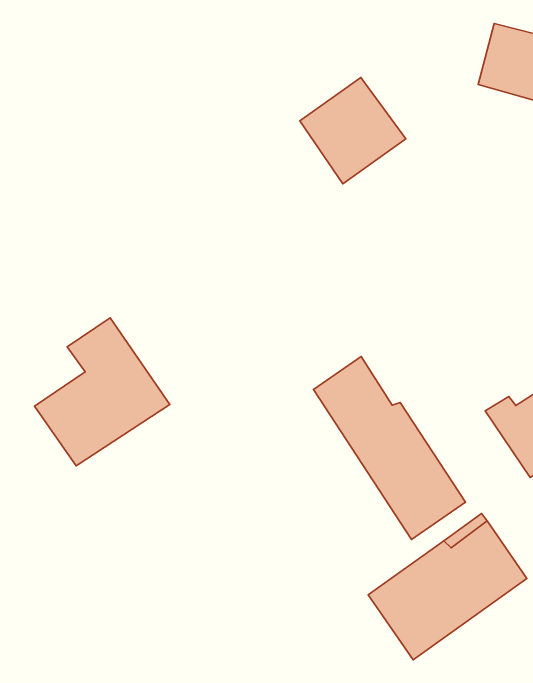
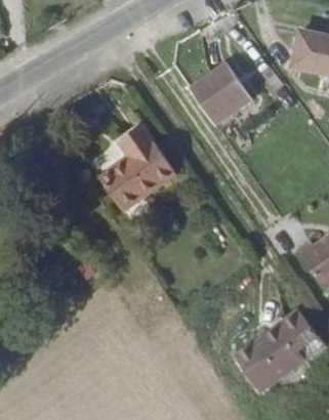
building: [35,318,170,466] -> [97,126,174,210]
building: [314,356,466,539] -> none

